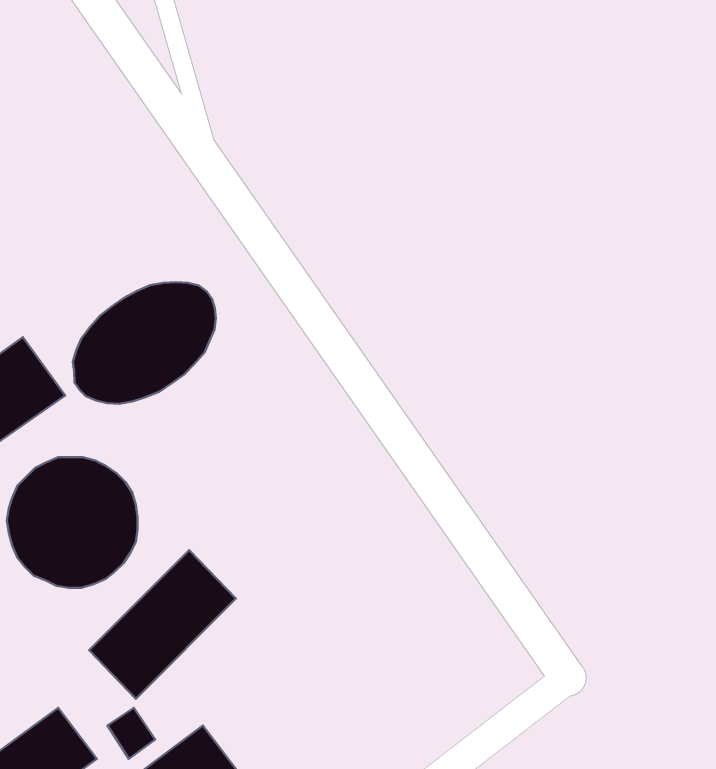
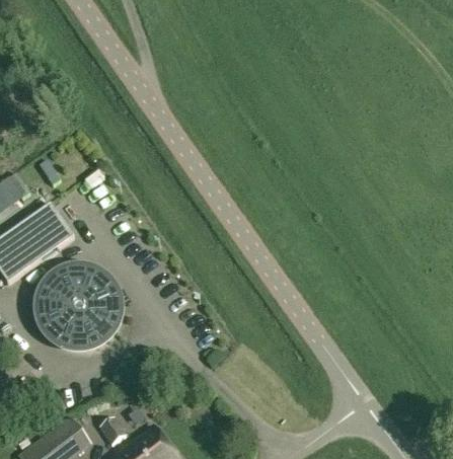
building: [73,282,216,404] -> none
building: [89,550,236,699] -> none

